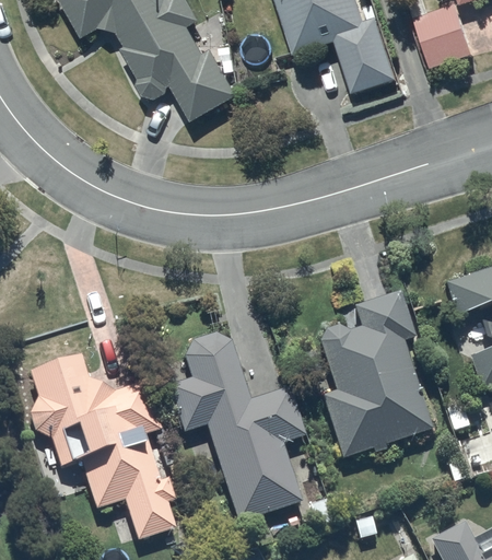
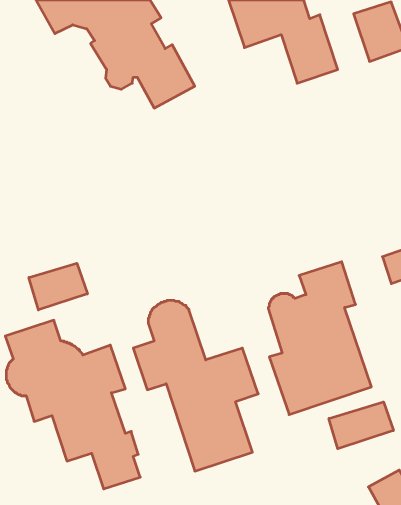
building: none -> [29,263,87,310]
building: none -> [329,402,393,449]

